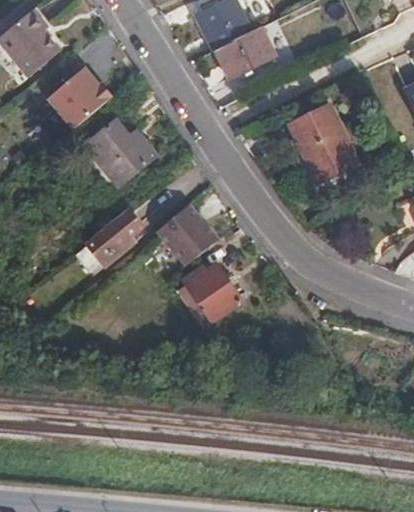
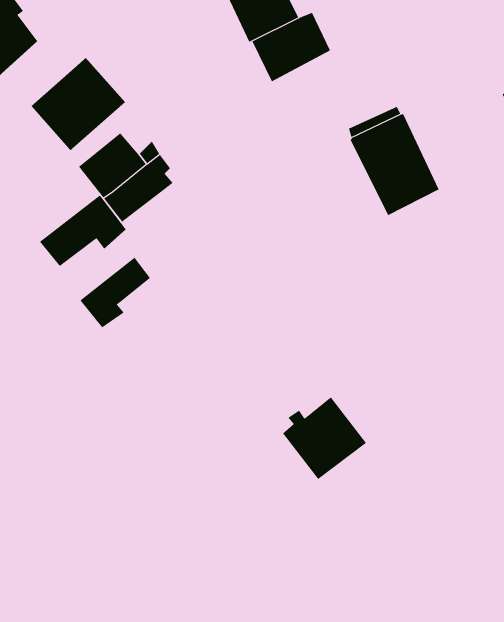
building: none -> [39,194,127,267]
building: [157,203,216,265] -> none
building: [178,265,242,328] -> [282,397,367,480]

